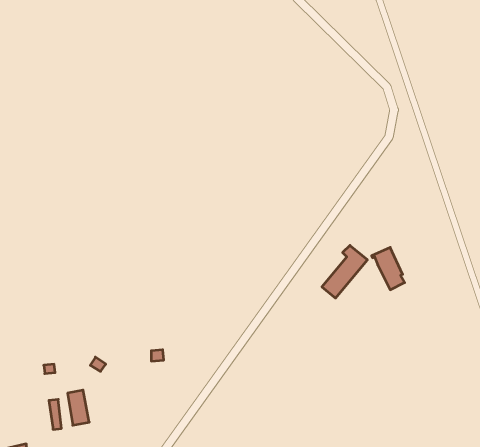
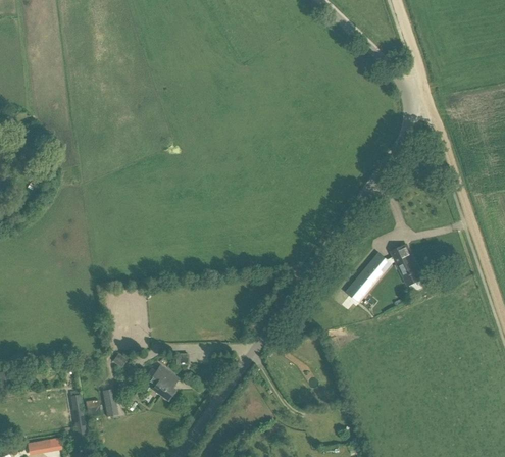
building: none -> [151,366,181,400]

